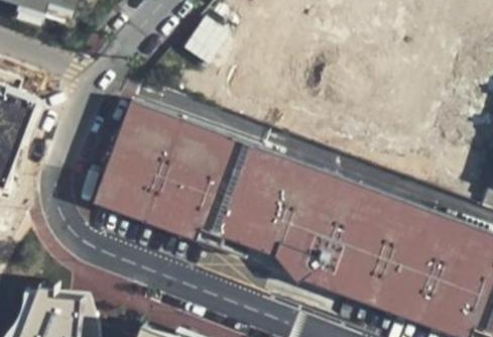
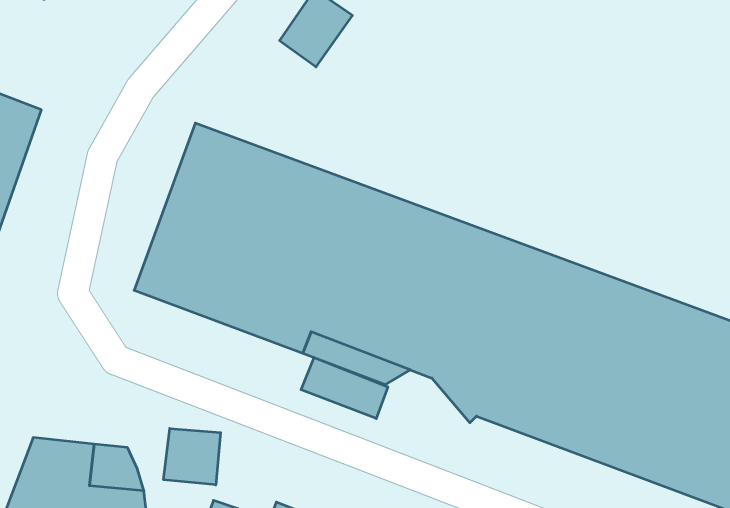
building: none -> [301,357,388,419]
building: none -> [164,428,221,485]

